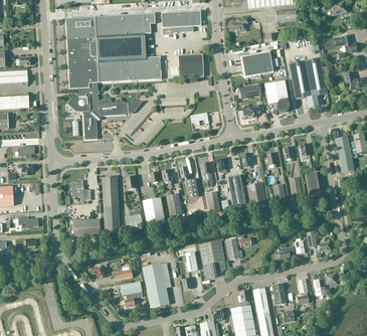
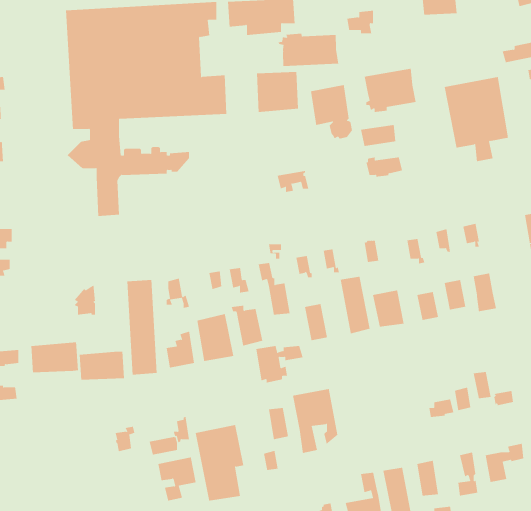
building: none -> [278,33,339,67]
building: [264,79,290,112] -> [310,84,353,139]
building: none -> [31,341,78,373]
building: [223,237,251,260] -> [256,346,303,383]

